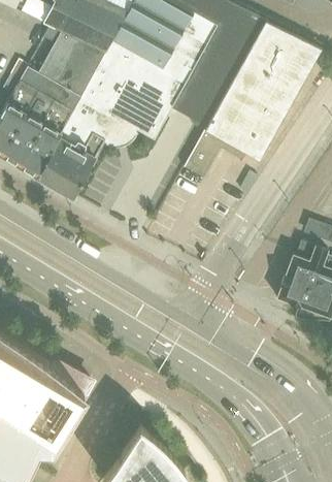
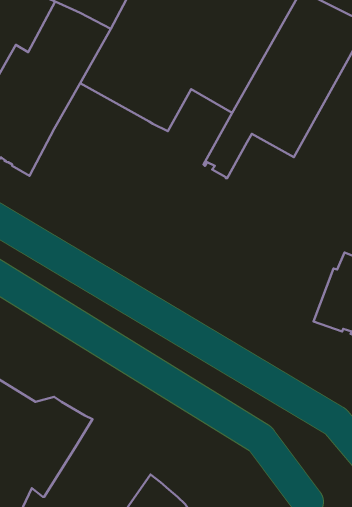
building: [38,99,138,195] -> none

